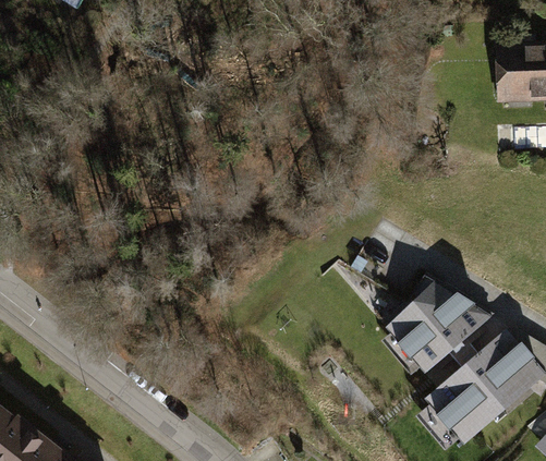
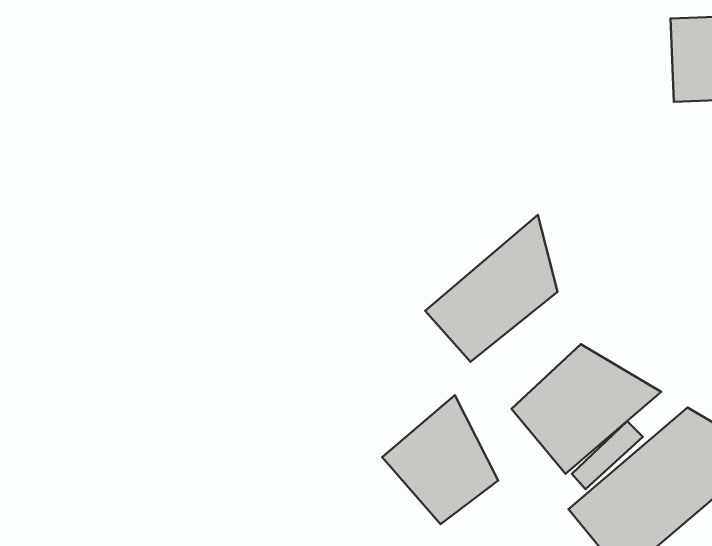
building: none -> [425,215,557,362]
building: none -> [382,395,498,524]

